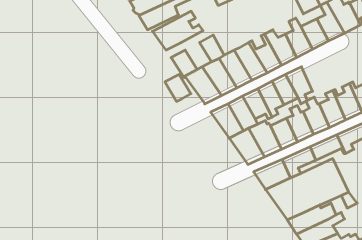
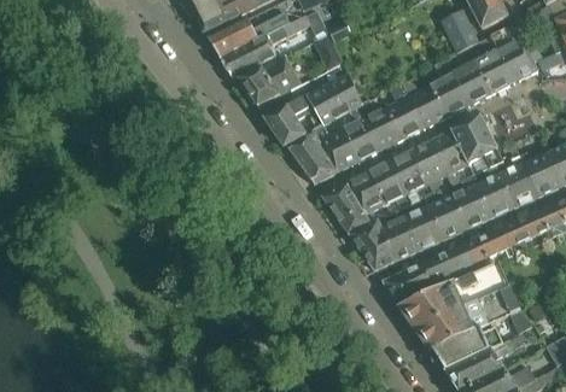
building: none -> [326,72,362,113]
building: none -> [453,113,503,174]
building: [165,74,191,101] -> [286,95,323,134]

